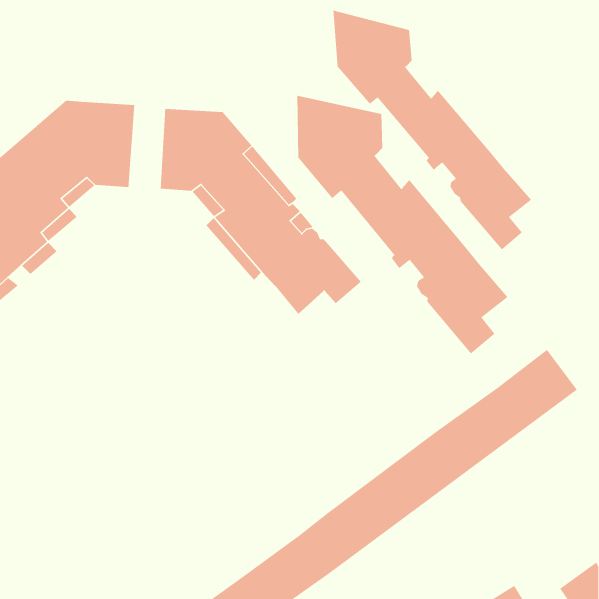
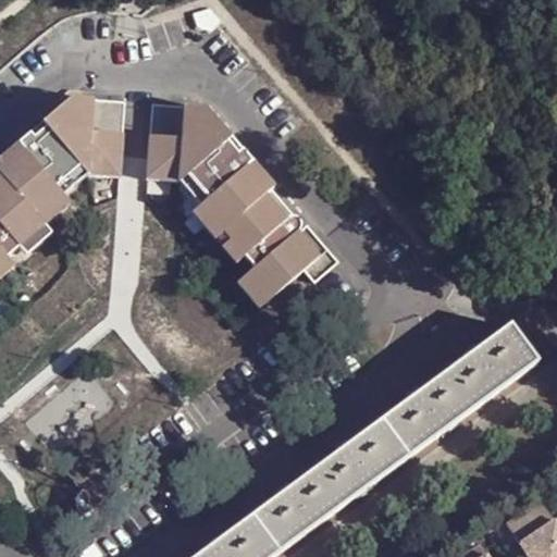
building: [333,9,532,250] -> none
building: [297,95,508,354] -> none
building: none -> [234,267,276,310]

